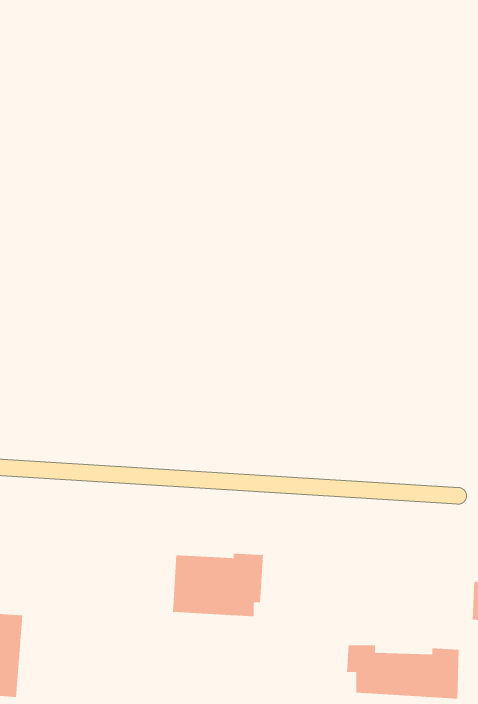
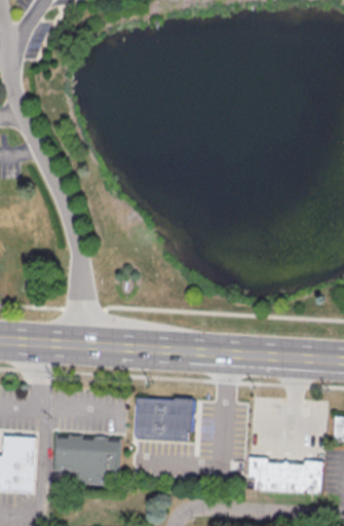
building: none -> [52,435,120,486]

